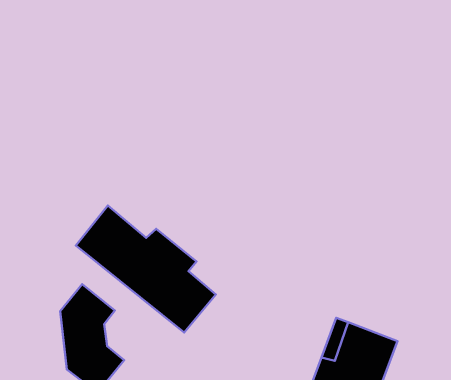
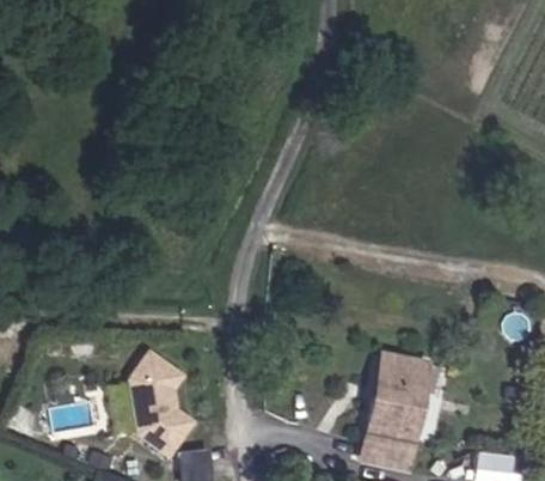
building: [76,206,216,333] -> none

